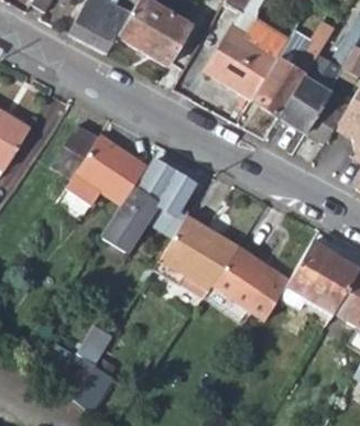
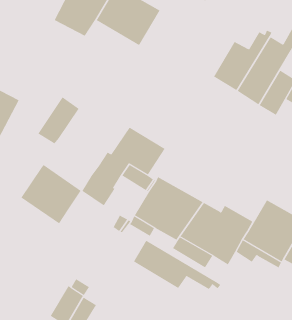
building: [206,22,288,100] -> none
building: [76,133,146,203] -> [20,164,81,224]
building: none -> [133,240,221,290]

